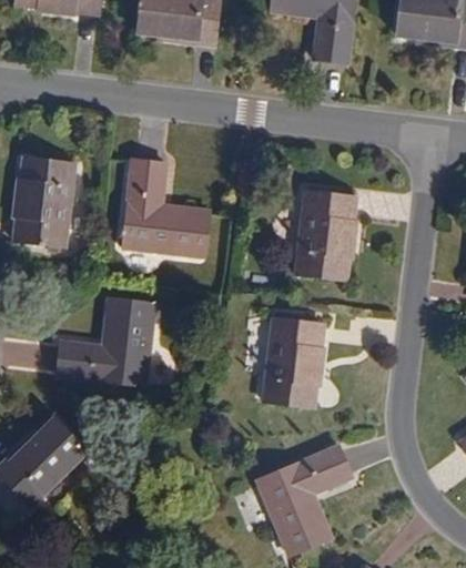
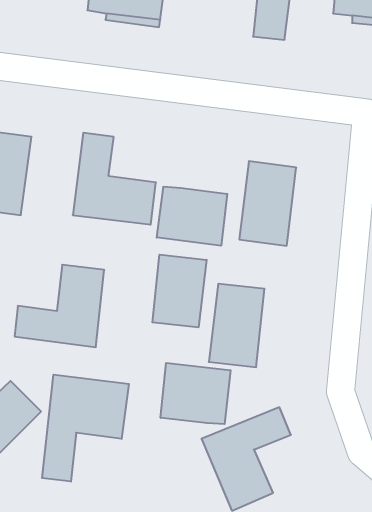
building: none -> [157,187,227,246]
building: none -> [152,255,207,327]
building: none -> [161,363,230,424]
building: none -> [42,375,129,482]

